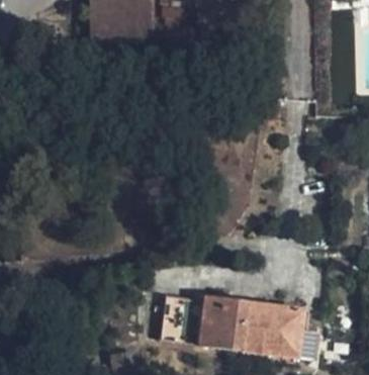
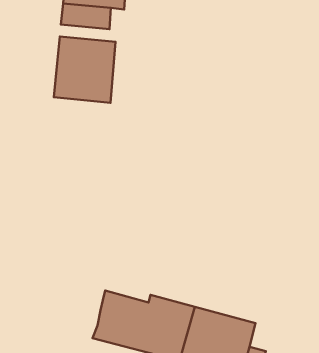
building: none -> [54,37,116,103]

